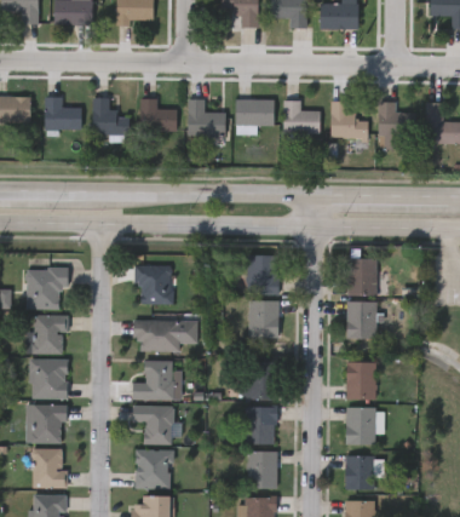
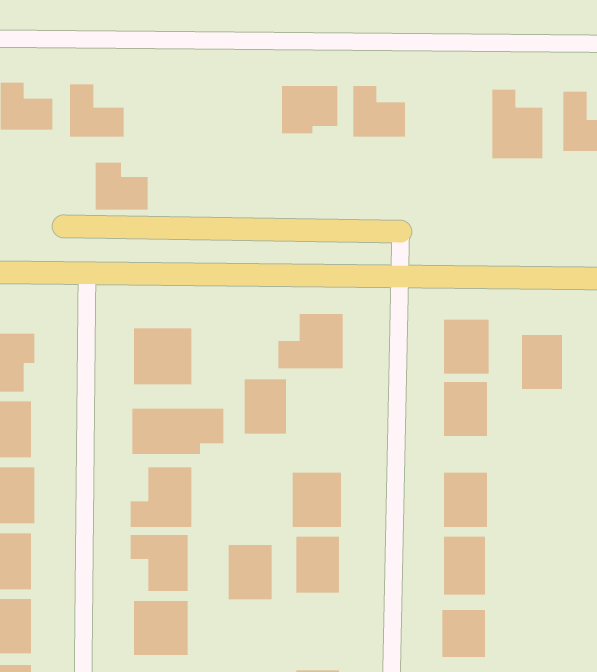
building: [138,100,174,133] -> [95,162,148,210]
building: [186,100,224,138] -> none
building: [330,103,367,139] -> none
building: none -> [521,334,562,390]
building: [248,300,277,338] -> [244,379,287,434]
building: [247,452,277,489] -> [228,544,272,600]

